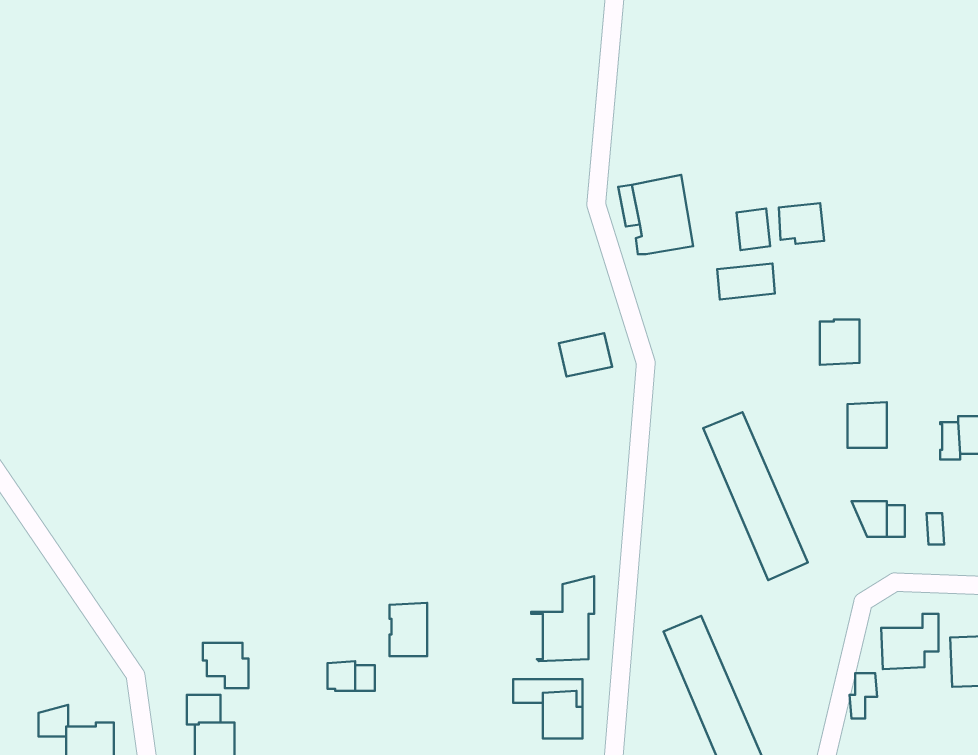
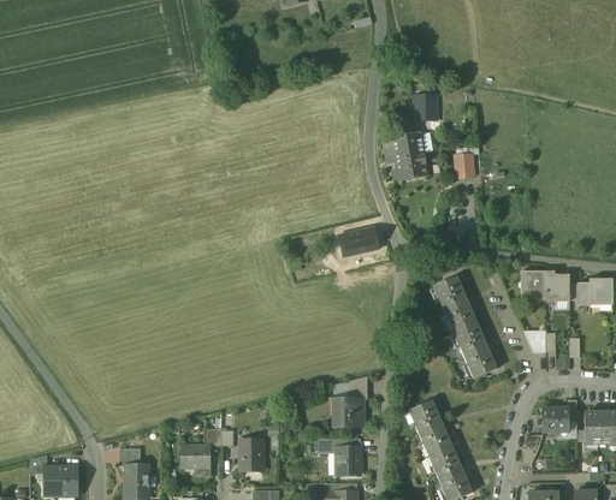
building: none -> [413,95,436,120]
building: [779,203,824,244] -> none
building: [717,263,775,299] -> none
building: [820,319,859,365] -> [545,274,569,302]
building: [390,603,427,656] -> [239,439,262,471]
building: [203,643,248,688] -> [182,445,209,472]

